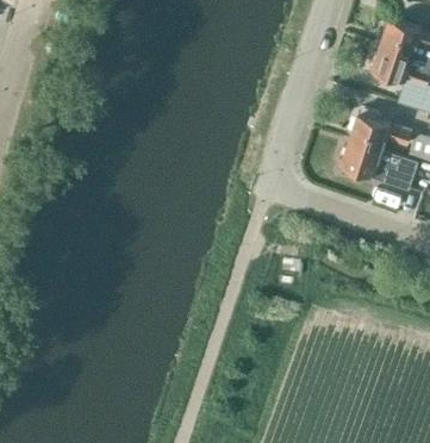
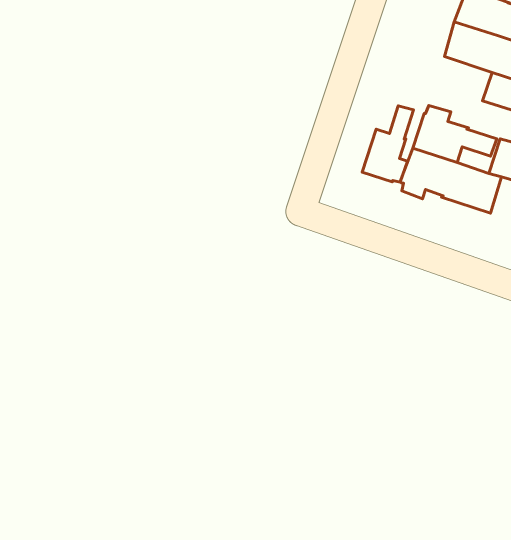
building: none -> [362,106,414,182]

